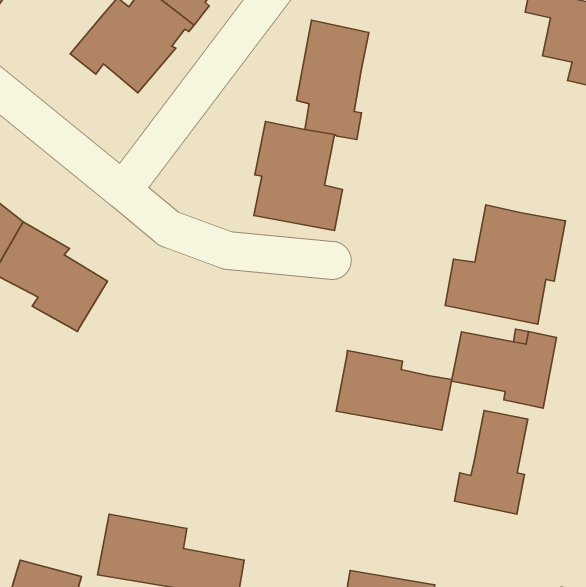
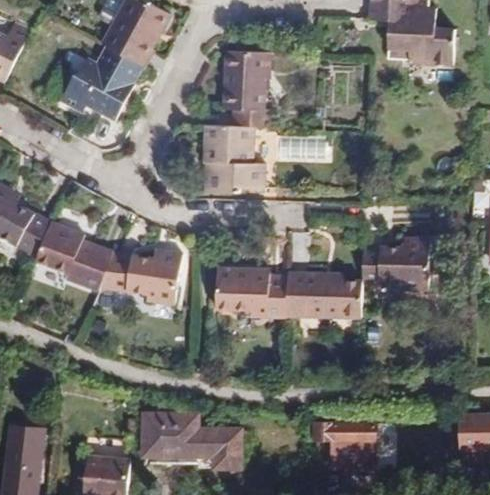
building: [445,205,566,324] -> none
building: none -> [101,251,183,305]
building: none -> [216,270,288,318]
building: [455,411,528,514] -> none

